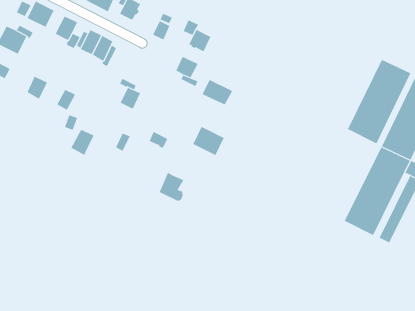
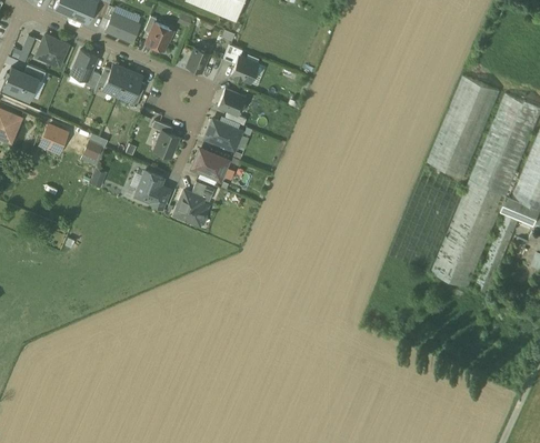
building: [202,79,233,105] -> [206,119,242,149]
building: [193,126,224,156] -> [191,147,229,181]
building: [70,129,94,155] -> [136,171,163,202]
building: [159,172,184,202] -> [176,190,206,224]

